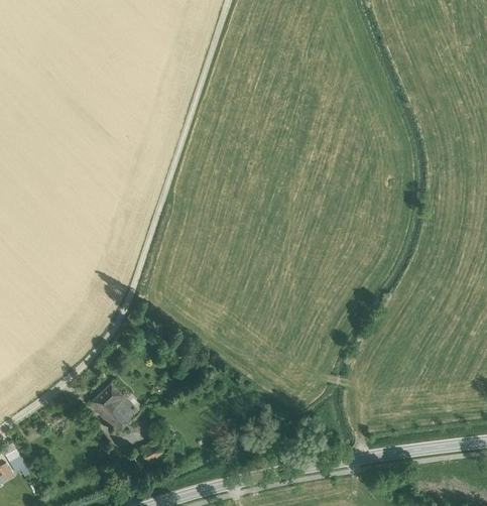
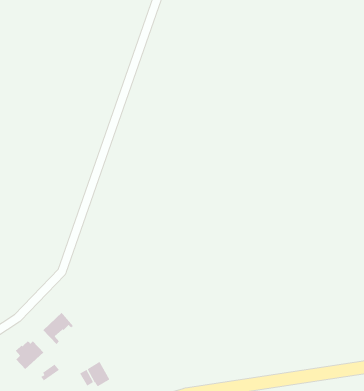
building: [104,398,138,432] -> [15,340,44,370]

